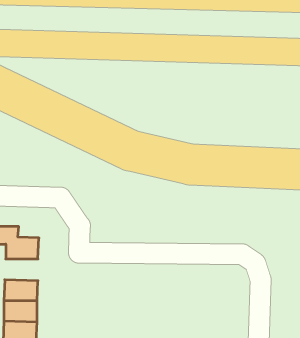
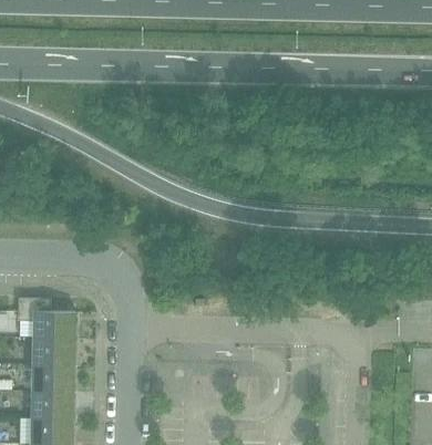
building: none -> [31,340,73,368]

